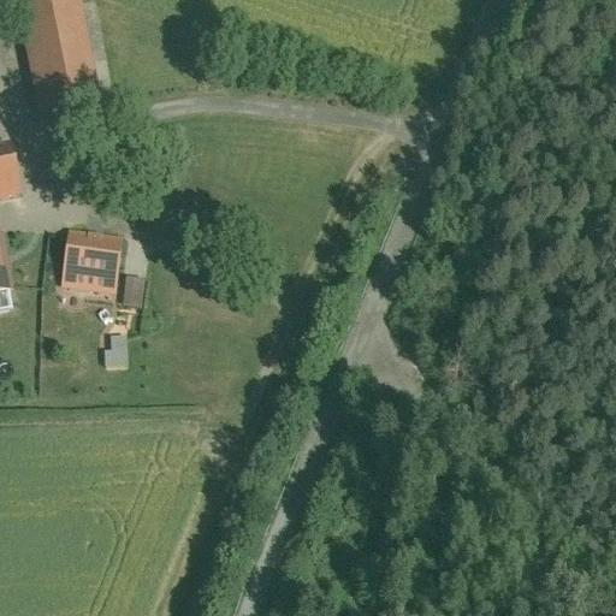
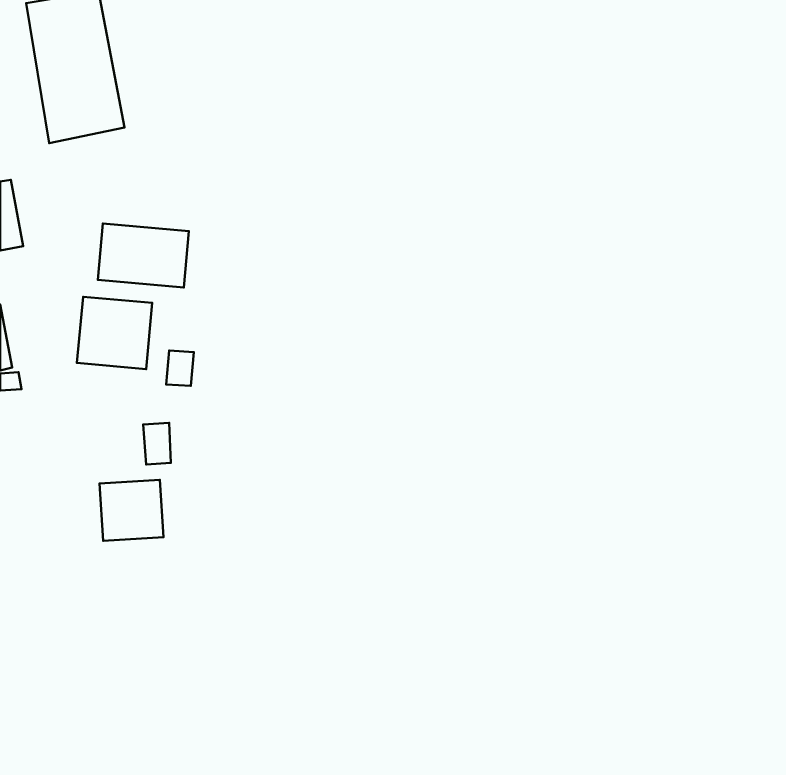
building: none -> [98,224,189,287]
building: none -> [99,480,164,541]

